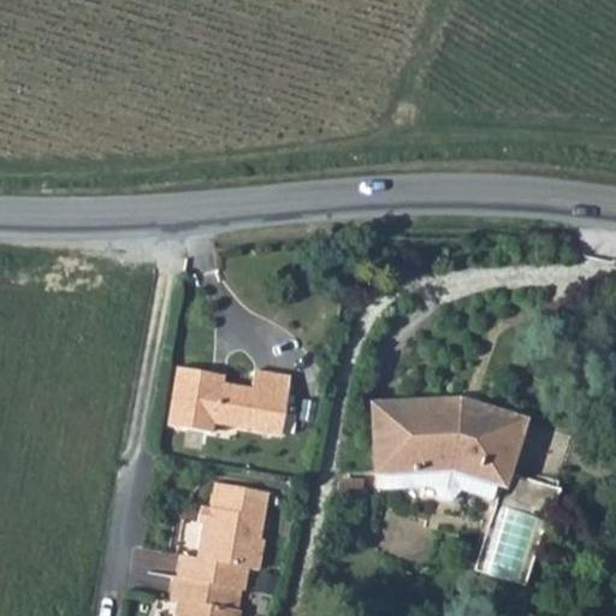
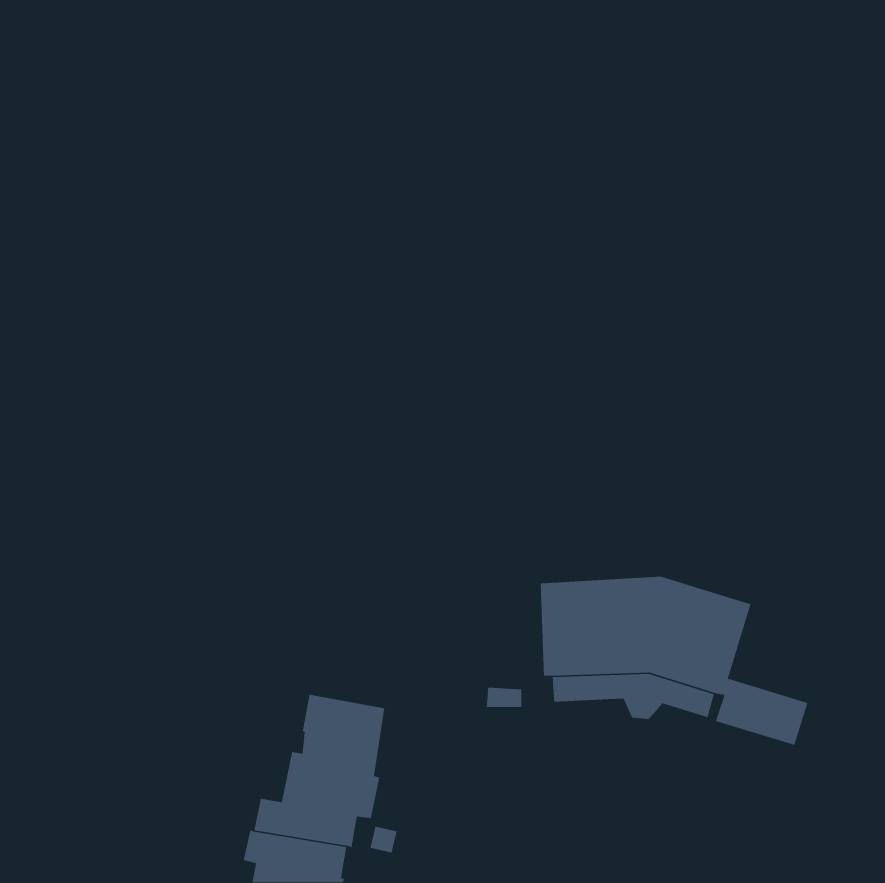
building: [167,366,290,433] -> none
building: [482,505,539,581] -> none

